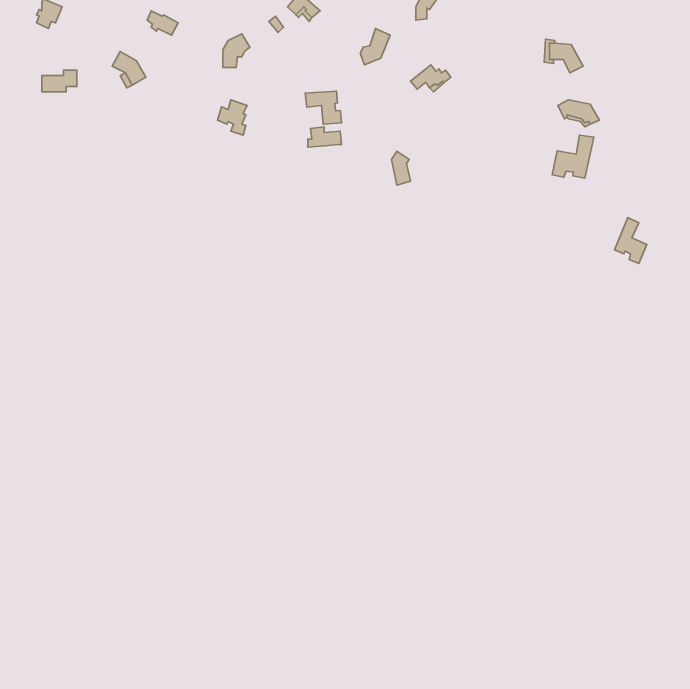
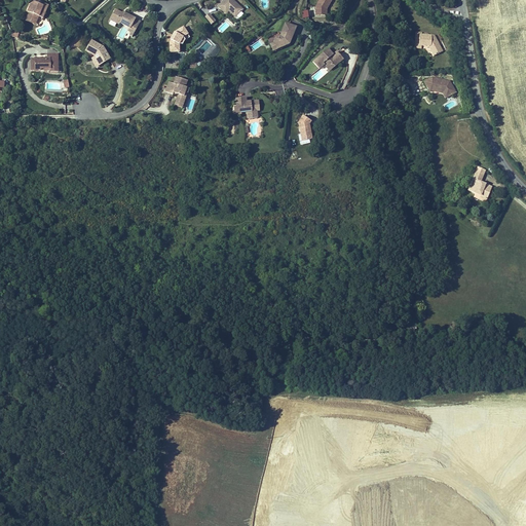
building: [305,91,342,124] -> none
building: [552,135,594,178] -> none

